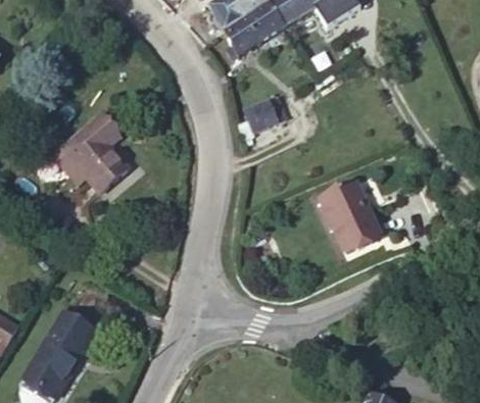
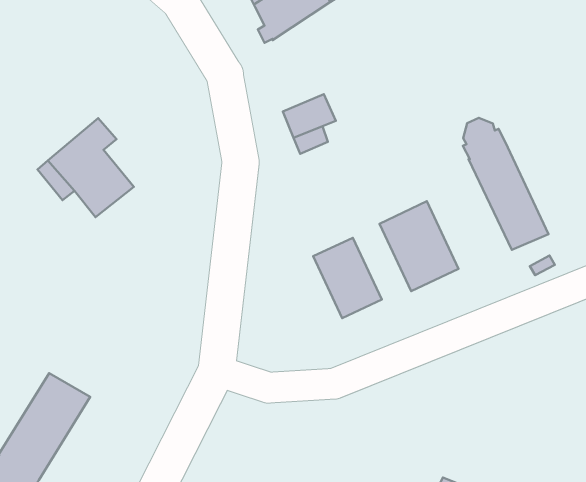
building: none -> [463,118,549,250]
building: none -> [313,238,382,318]

